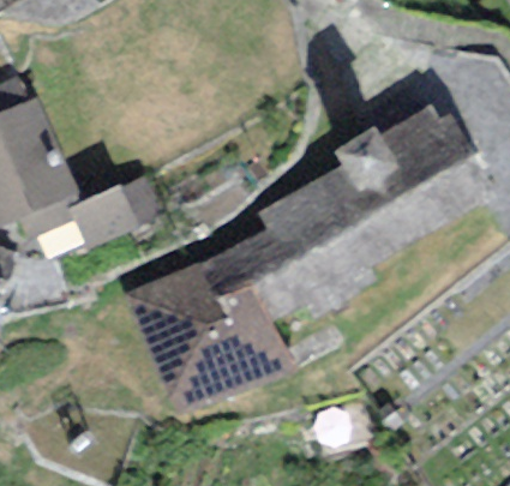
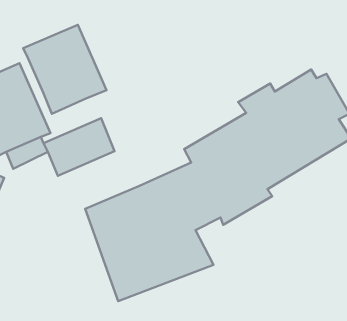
building: none -> [23,25,106,114]

